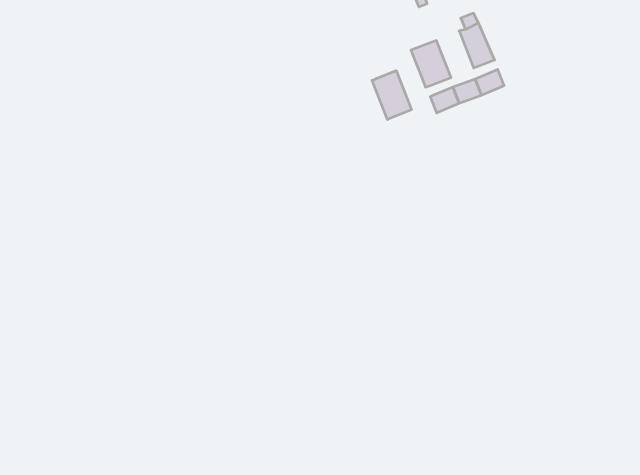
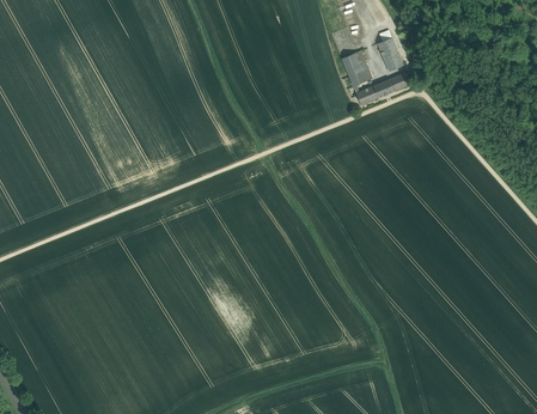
building: [372,71,411,120] -> none

